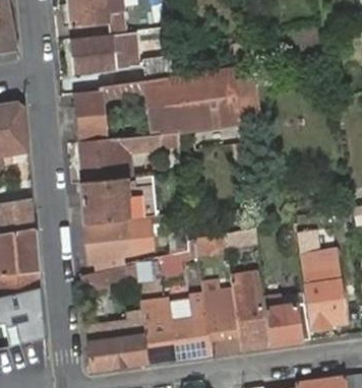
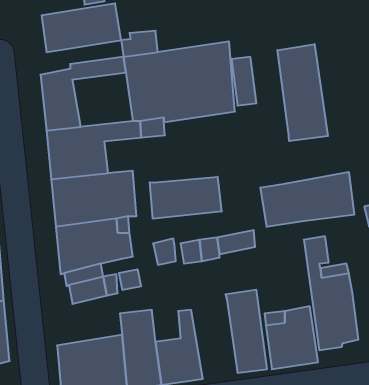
building: none -> [277,44,328,141]
building: none -> [261,172,354,227]
building: none -> [150,177,222,219]
building: [201,286,241,354] -> none

